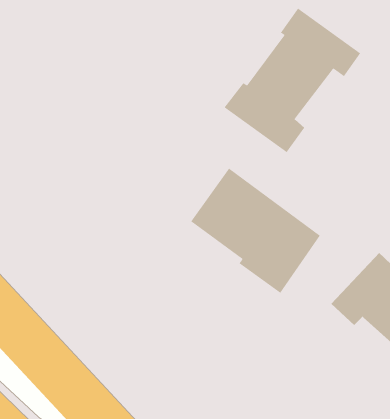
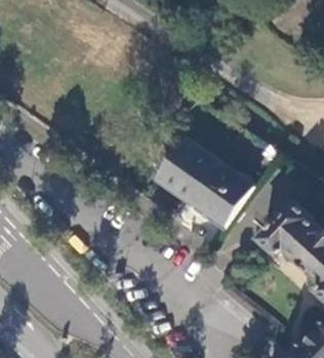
building: [224,7,361,153] -> none

